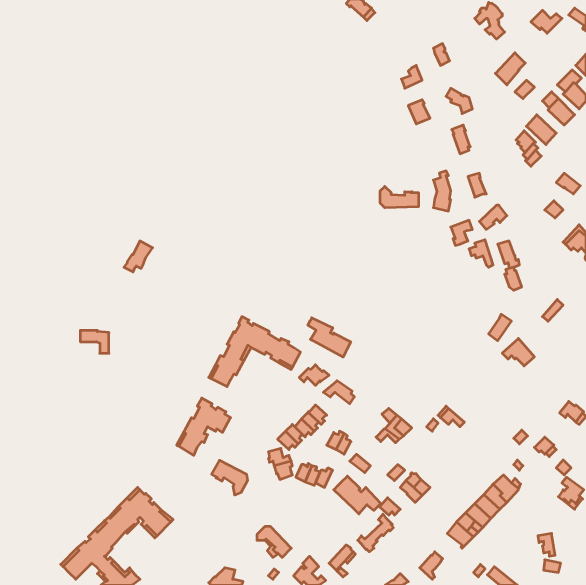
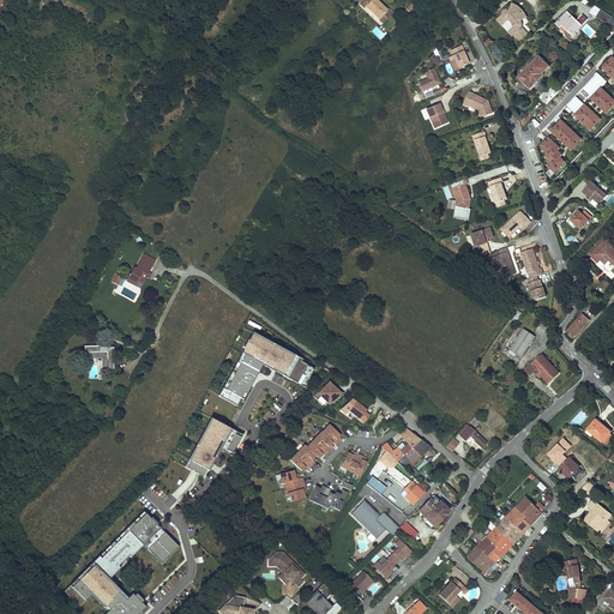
building: [380,186,418,208] -> none
building: [308,318,351,357] -> none
building: [212,460,248,495] -> none

